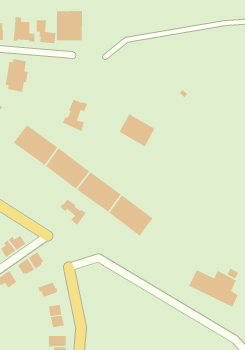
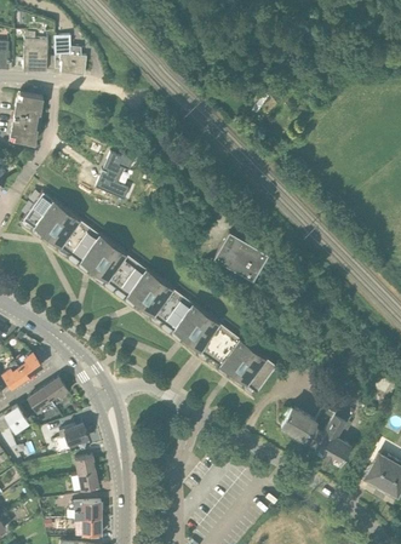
building: [56,10,83,41] -> none
building: [119,114,155,147] -> [214,235,268,285]
building: [59,199,86,226] -> none
building: none -> [208,331,275,391]

